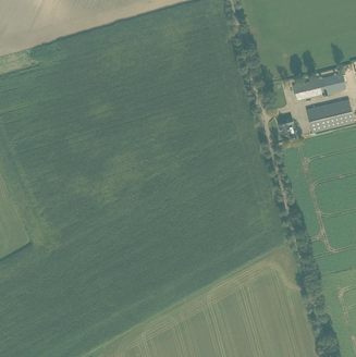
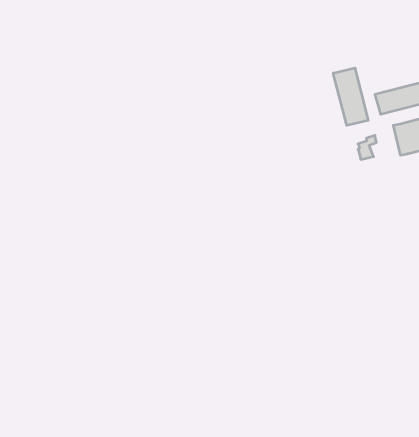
building: none -> [333,68,368,125]

